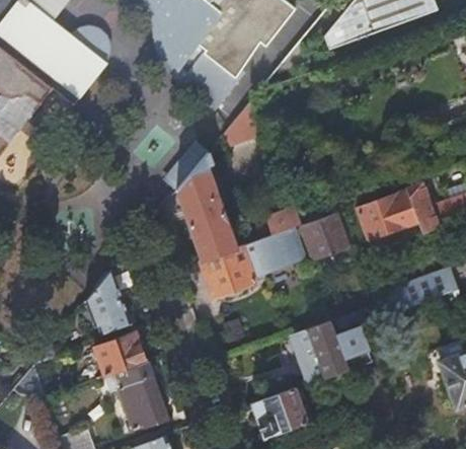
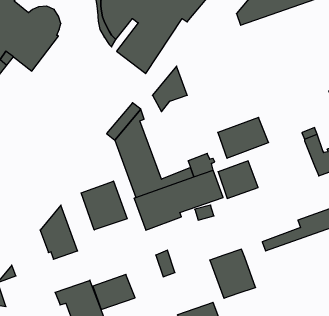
building: [358,191,419,240] -> [218,117,269,158]
building: none -> [81,181,127,230]
building: [334,324,372,370] -> none
building: [93,332,145,375] -> [93,274,135,309]

